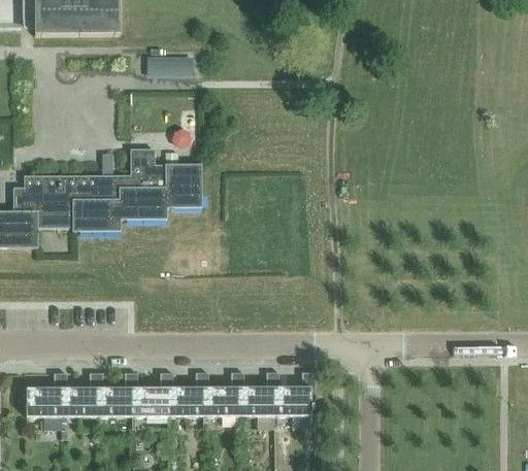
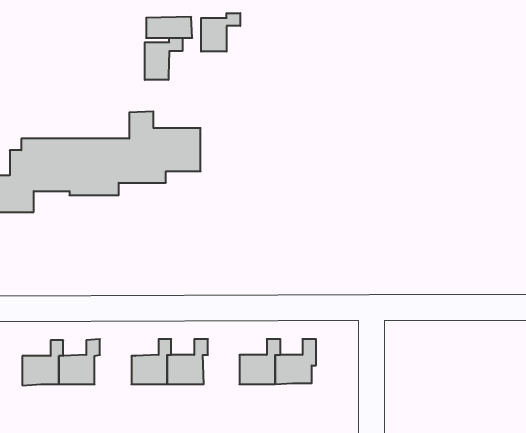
building: none -> [201,13,240,52]
building: none -> [145,38,182,80]
building: [97,372,137,416] -> none
building: [203,372,243,416] -> none

